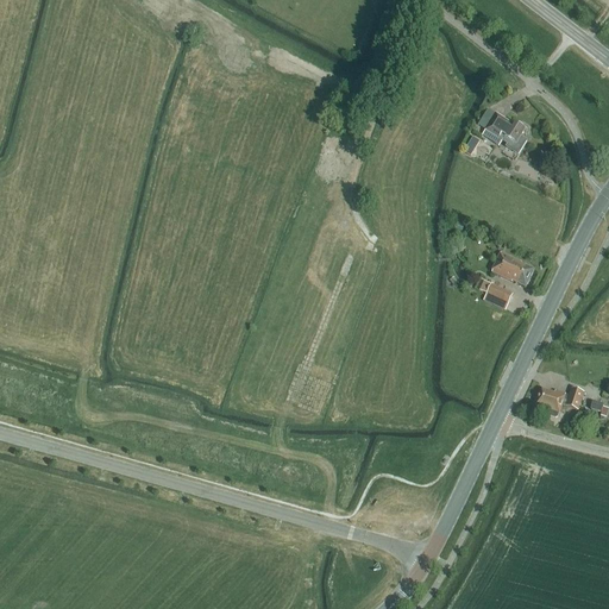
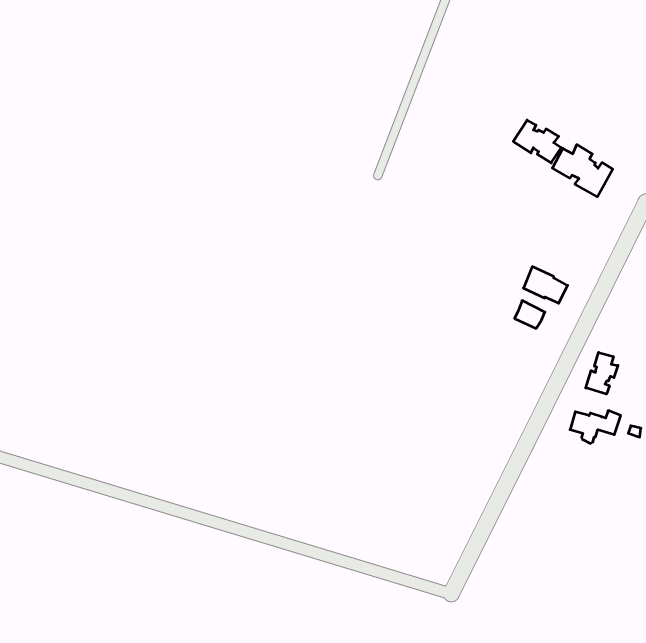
building: none -> [552,145,613,197]
building: none -> [586,352,618,394]

